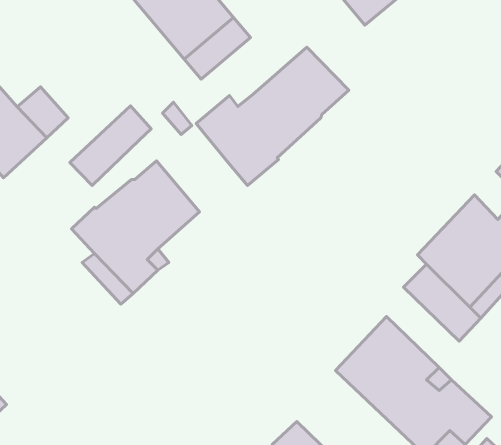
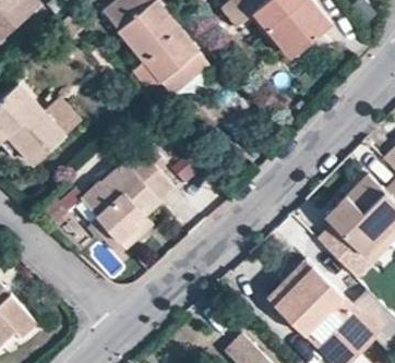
building: [196,47,349,186] -> none
building: [70,106,151,185] -> none

